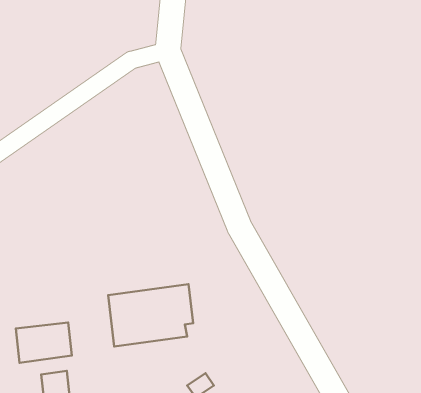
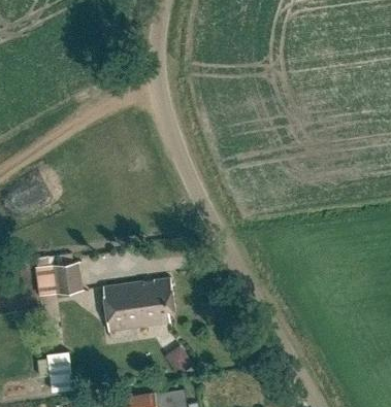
building: [16,322,72,363] -> [32,263,79,297]

